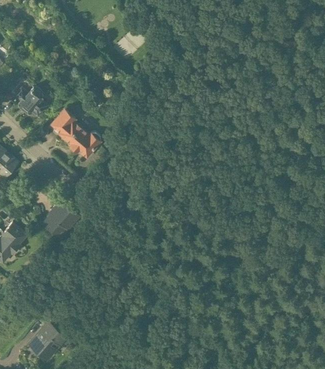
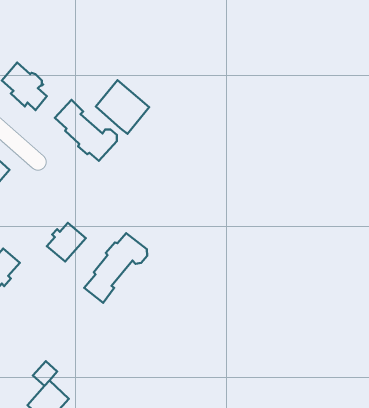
building: none -> [96,80,149,134]
building: none -> [84,233,147,303]

